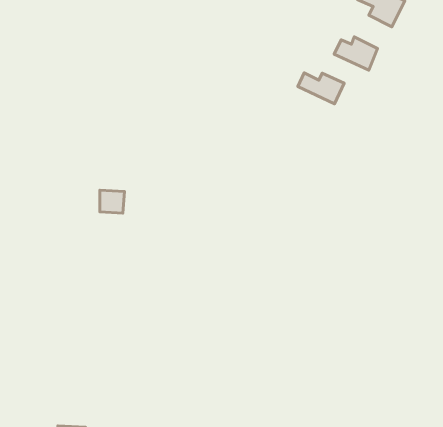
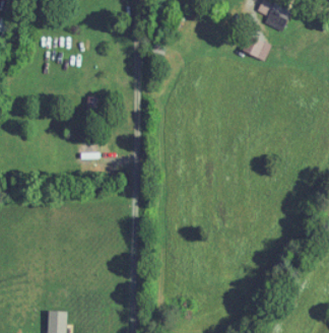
building: [298,73,344,104] -> none

